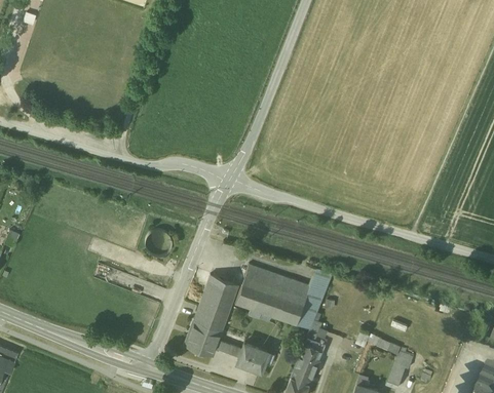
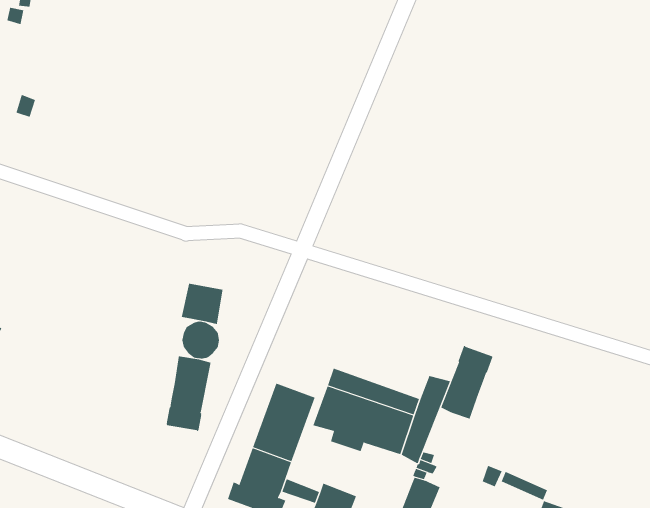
building: none -> [181,283,223,325]
building: none -> [440,345,494,420]
building: none -> [165,356,211,432]

